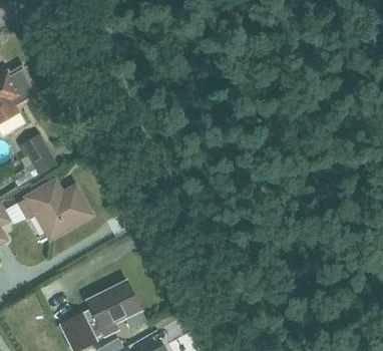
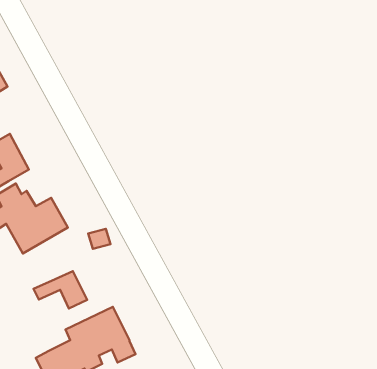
building: none -> [34,271,87,309]

